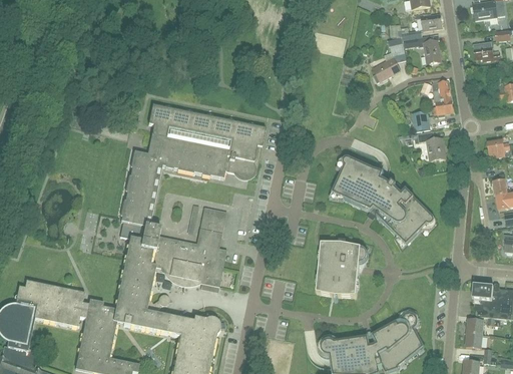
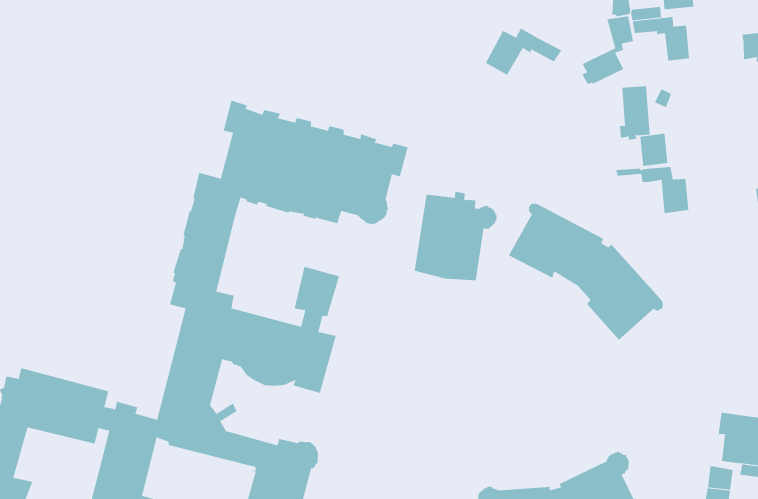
building: none -> [485,28,562,79]
building: [433,80,453,115] -> [619,86,650,140]
building: [316,239,367,295] -> [414,191,497,281]

